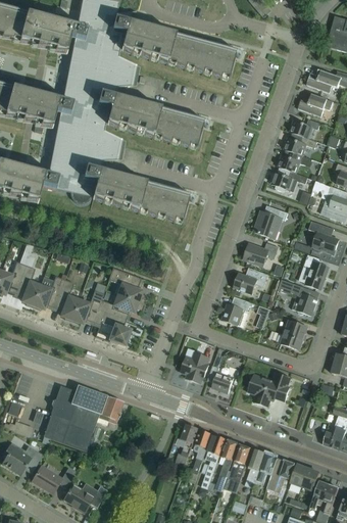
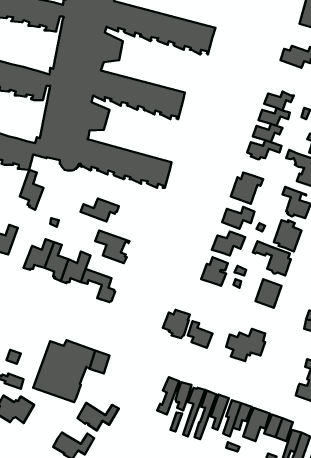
building: [297,93,333,115] -> none
building: [15,264,41,306] -> [20,170,44,210]
building: [98,293,139,318] -> [81,199,119,221]
building: [32,464,76,493] -> [78,403,119,430]

